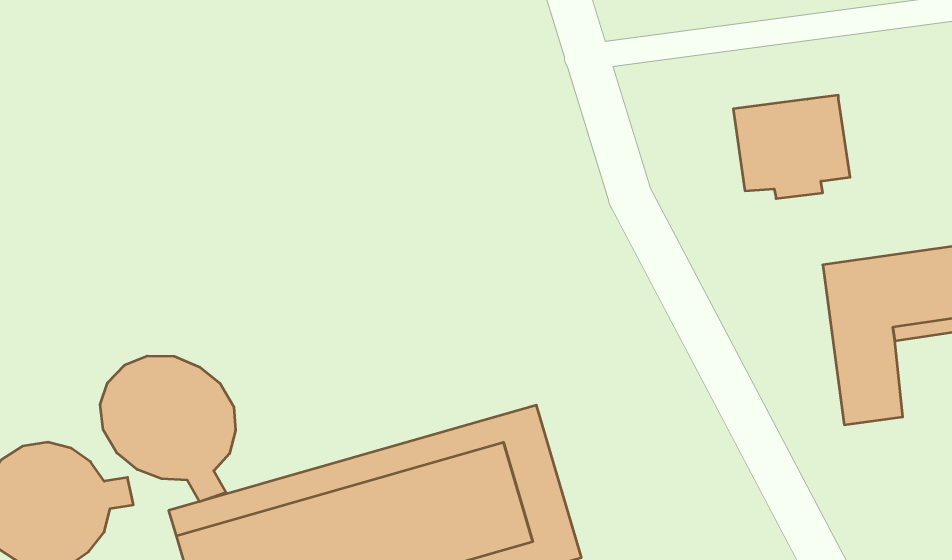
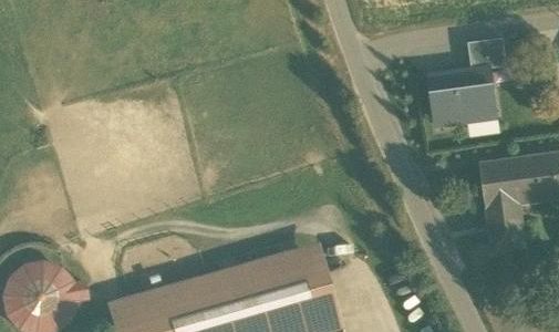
building: none -> [468,38,507,69]
building: [100,356,235,502] -> none

